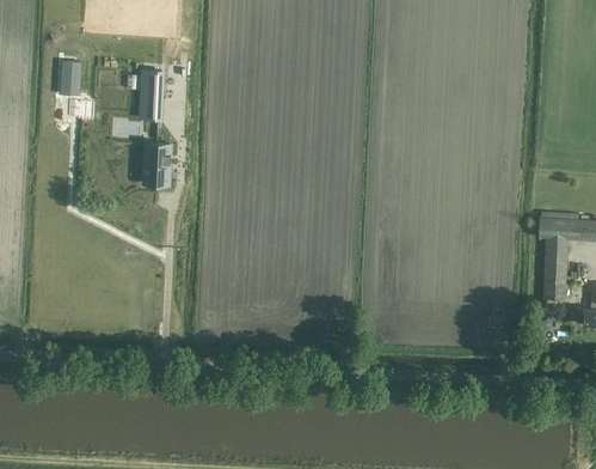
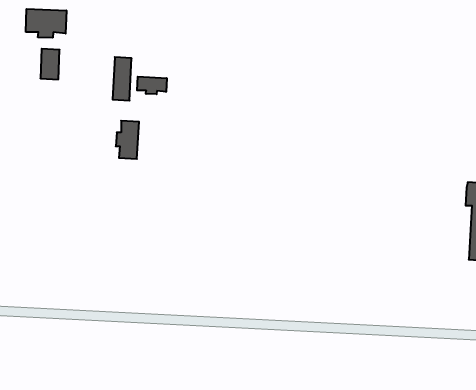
building: none -> [26,9,66,38]
building: none -> [137,77,167,94]

